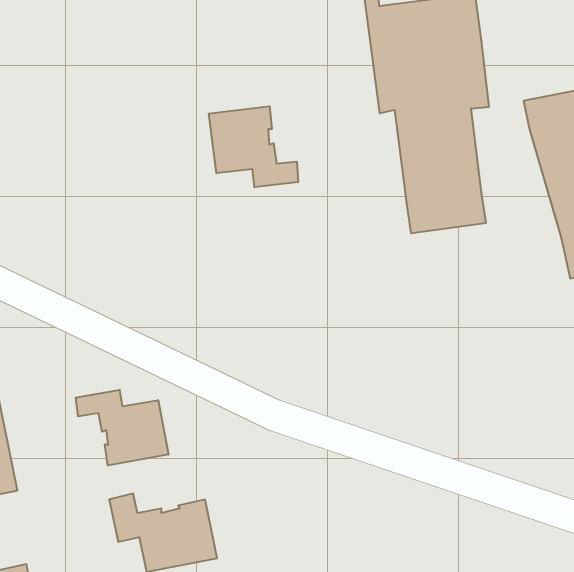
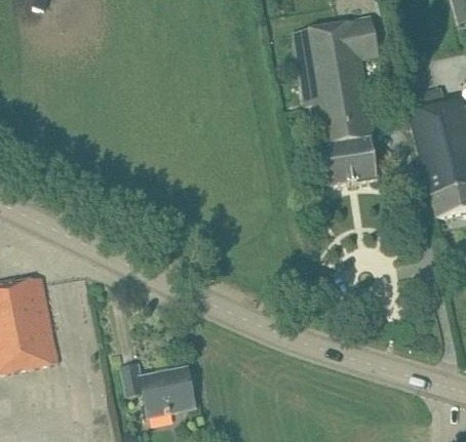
building: [209,106,298,187] -> none
building: [76,390,169,466] -> none

